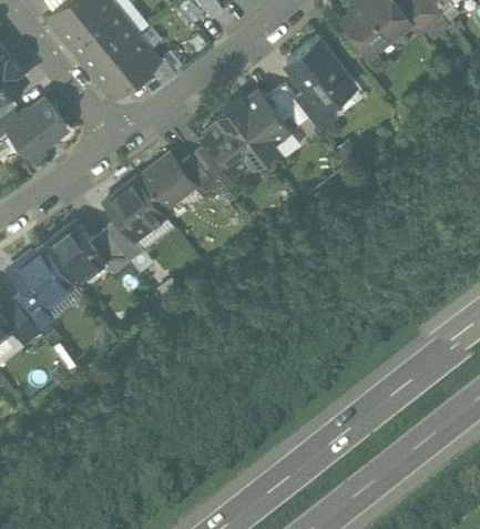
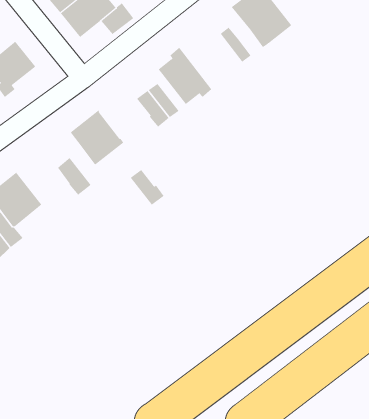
building: [294,88,336,130] -> none
building: [227,90,288,154] -> none
building: [137,154,194,210] -> none
building: [104,221,143,262] -> [130,169,164,206]
building: [44,224,103,284] -> none

